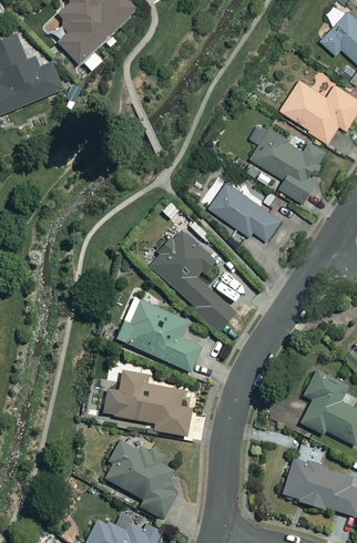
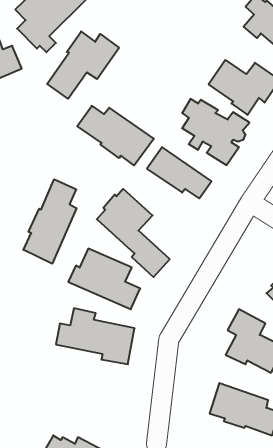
building: none -> [47,31,119,99]
building: none -> [77,106,154,165]
building: none -> [23,179,76,264]
building: [104,439,177,520] -> none

